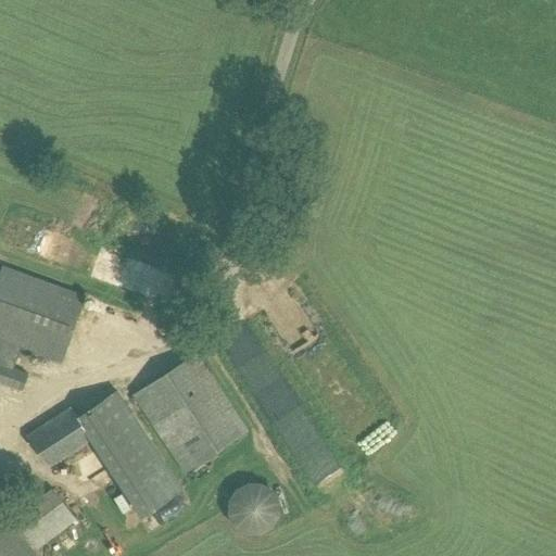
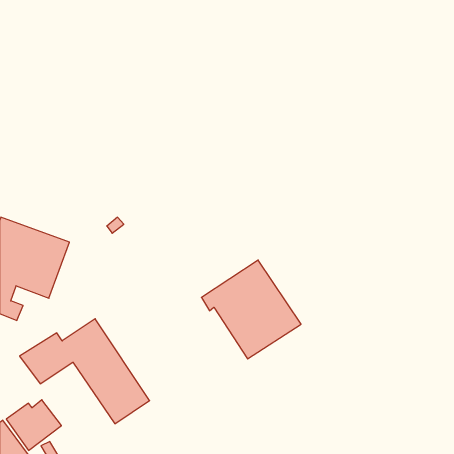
building: [126,353,248,473] -> [201,260,301,359]
building: [225,481,278,535] -> none

